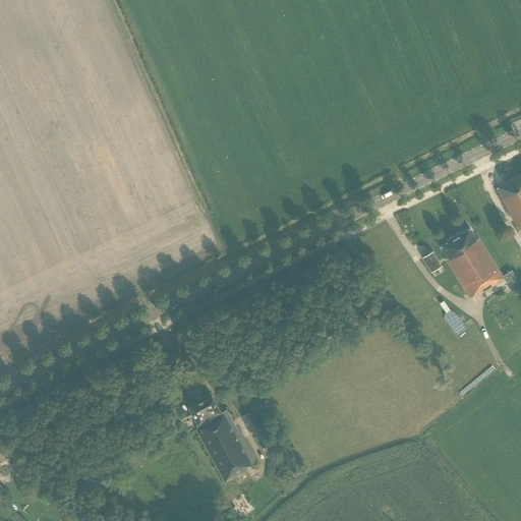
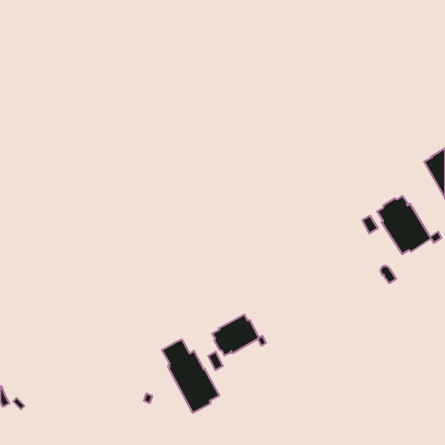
building: none -> [212,314,266,356]

